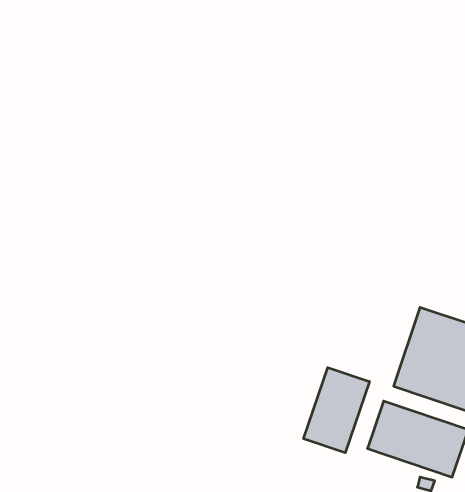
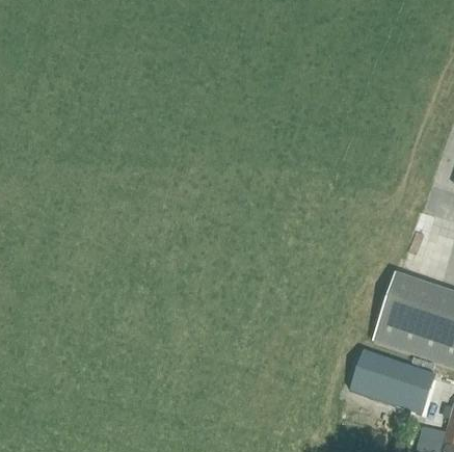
building: [304,368,369,453] -> none

